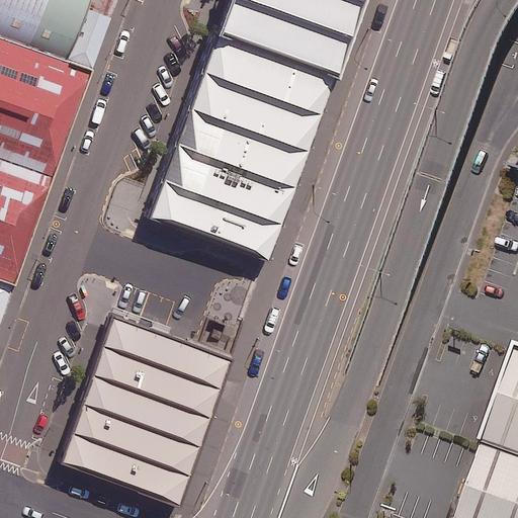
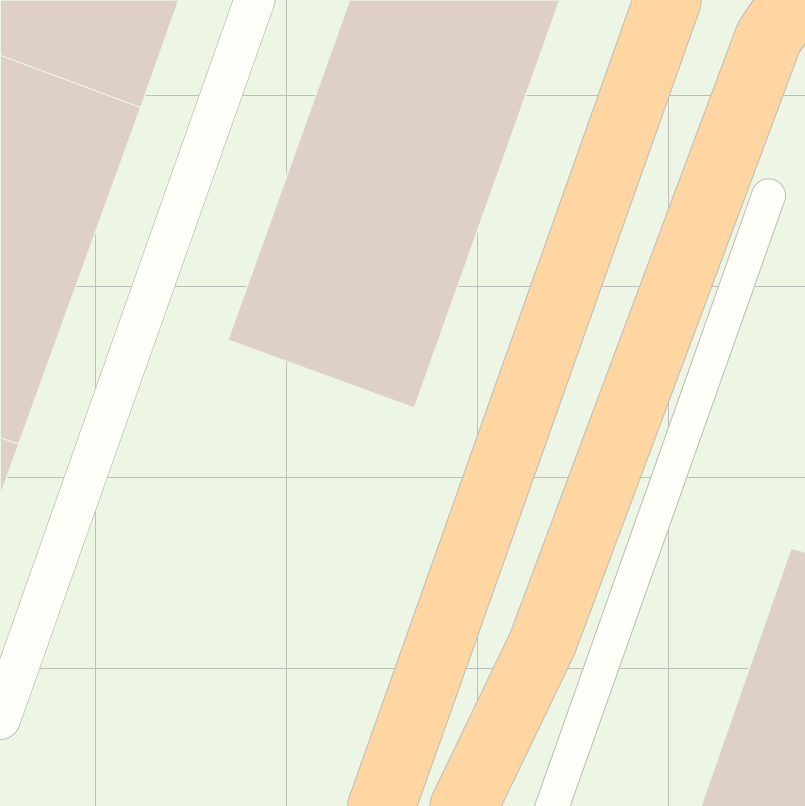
building: [60,312,234,503] -> none

